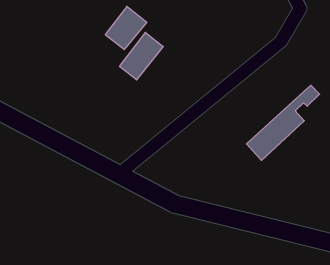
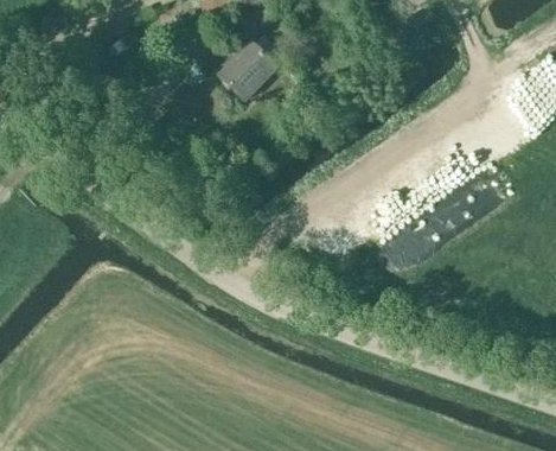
building: [120,32,163,80] -> none

